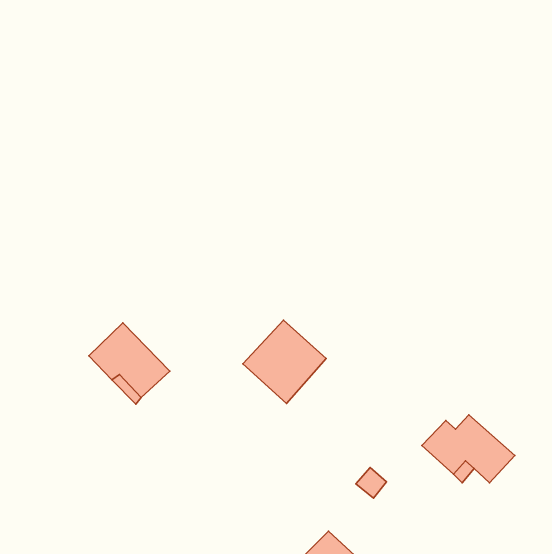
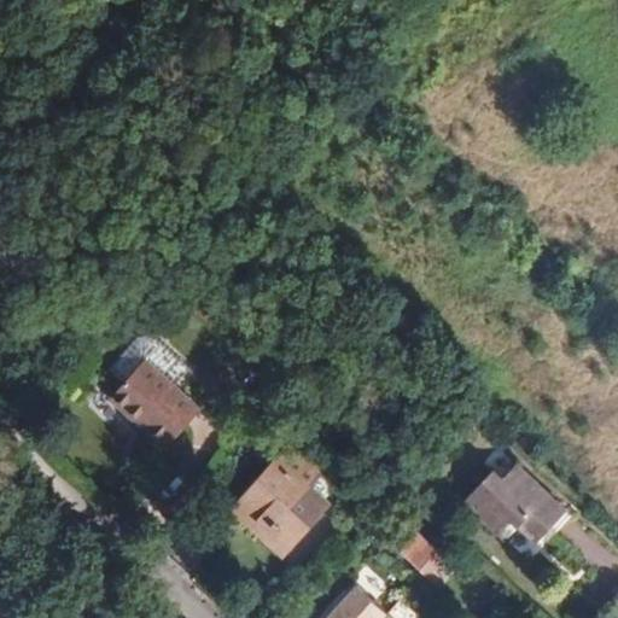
building: [243,320,326,403] -> [229,460,321,552]

